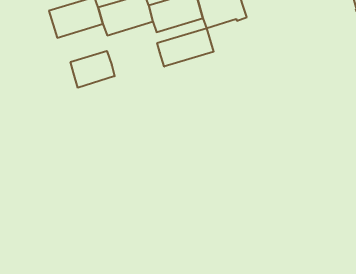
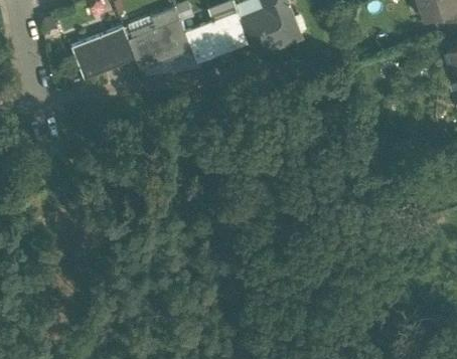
building: [157,28,214,67] -> none
building: [71,51,115,88] -> none

